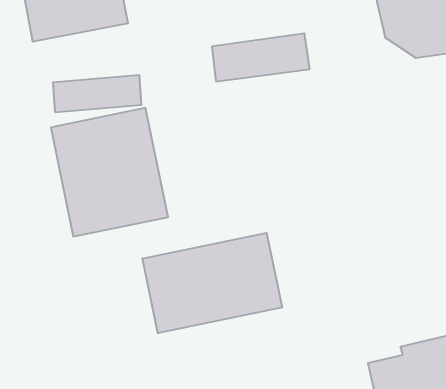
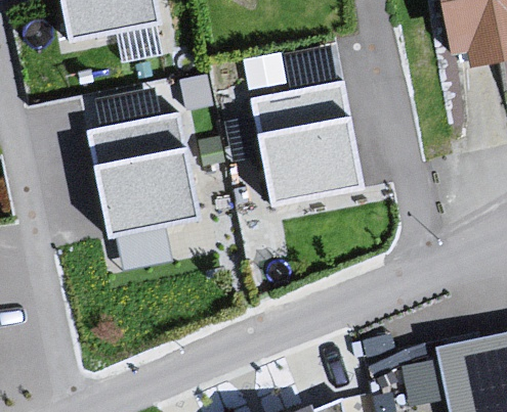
building: none -> [250,79,370,219]
building: [142,233,282,333] -> none

